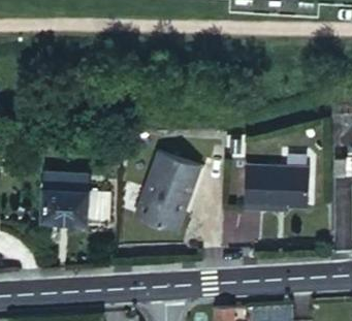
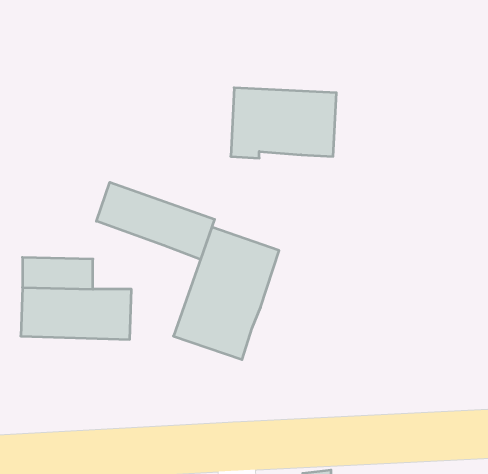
building: none -> [96,182,215,259]
building: [243,167,308,211] -> [231,88,336,158]

